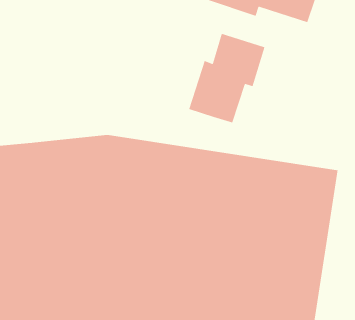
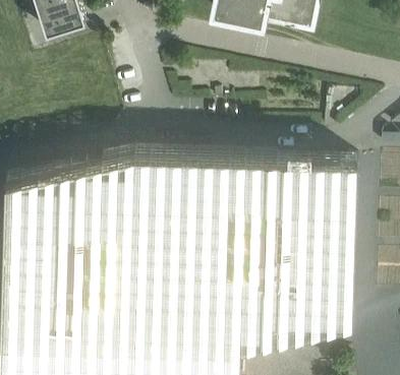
building: [188,33,266,124] -> none

